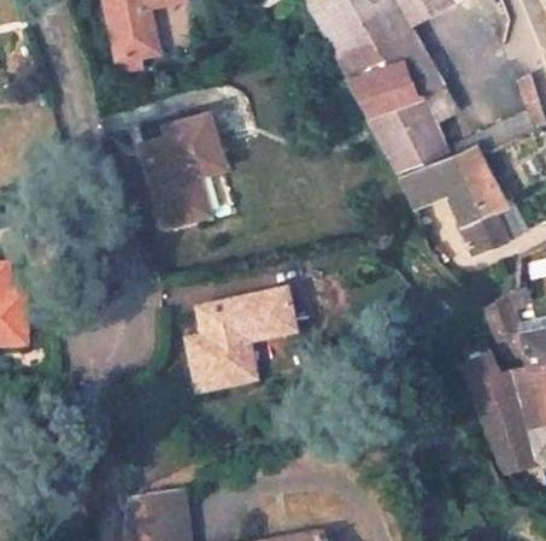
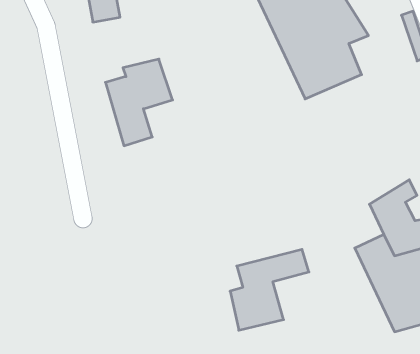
building: [393,139,517,252] -> none
building: [189,294,287,394] -> [230,249,309,330]

